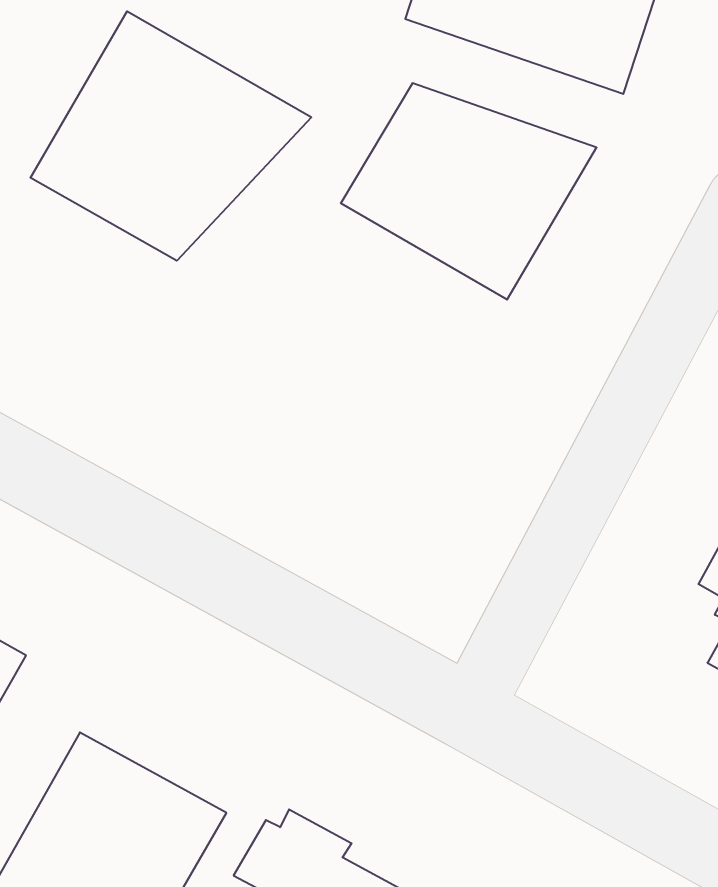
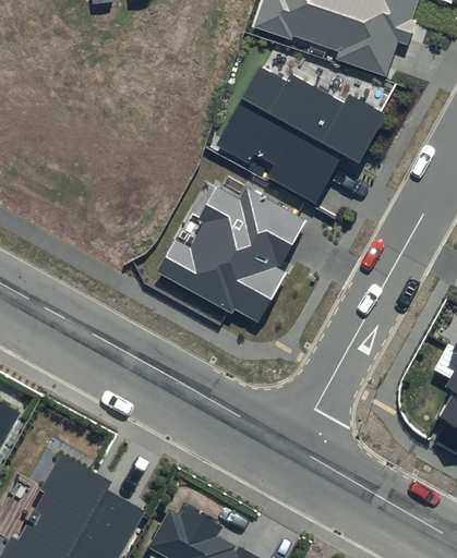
building: [30,11,311,261] -> none
building: none -> [158,186,306,324]

